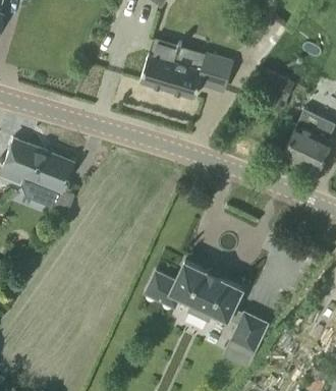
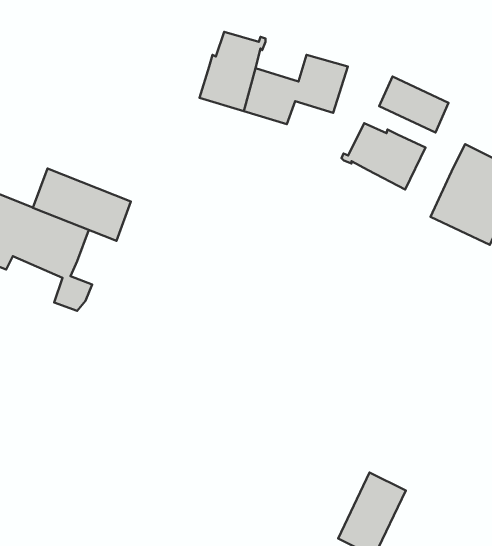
building: none -> [341,123,426,189]
building: none -> [33,168,131,241]
building: [146,262,242,320] -> none

